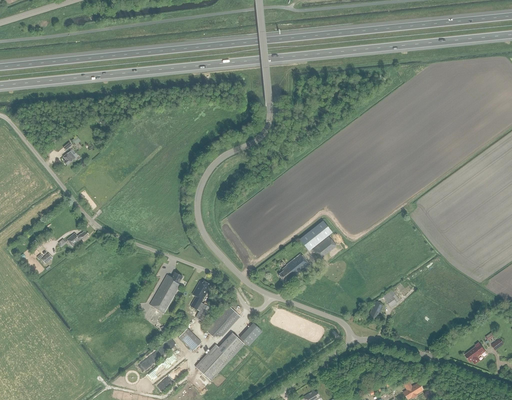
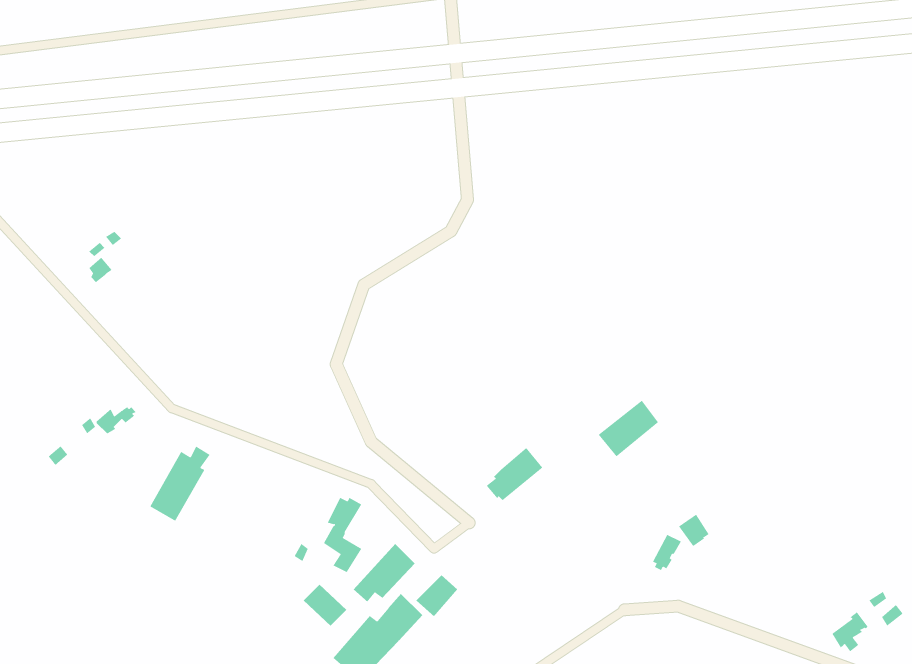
building: [299,220,332,251] -> [598,400,659,457]
building: [150,271,183,312] -> [150,446,211,521]

